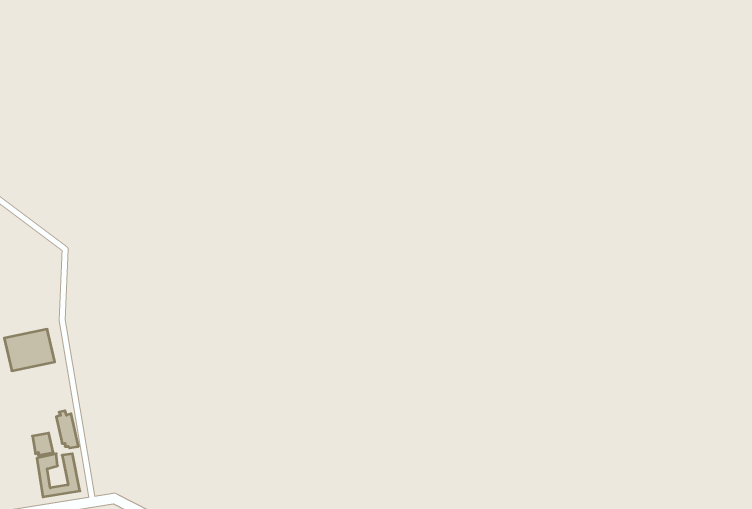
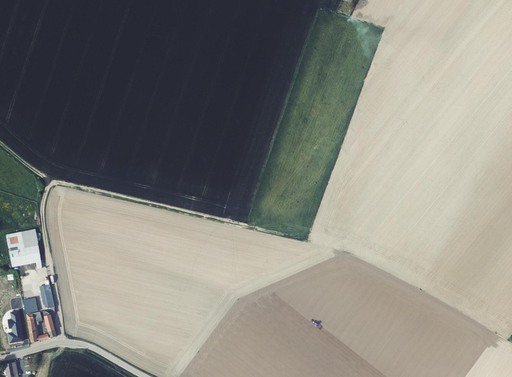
building: none -> [10,250,42,268]

